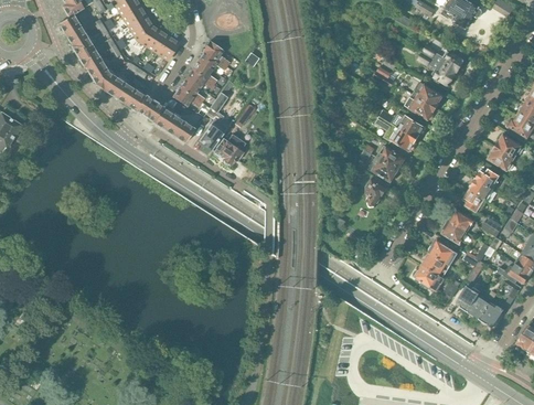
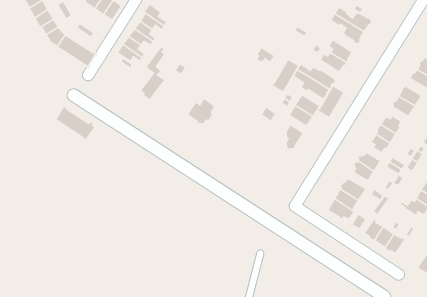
building: [148,104,194,143] -> [54,105,95,140]
building: none -> [271,59,299,93]
building: [213,134,245,164] -> [187,98,215,125]
building: none -> [317,86,344,119]

